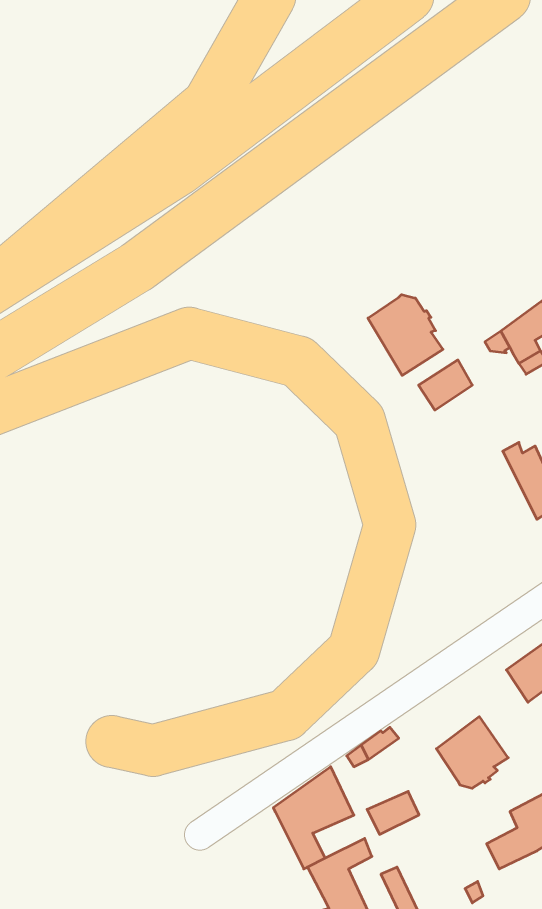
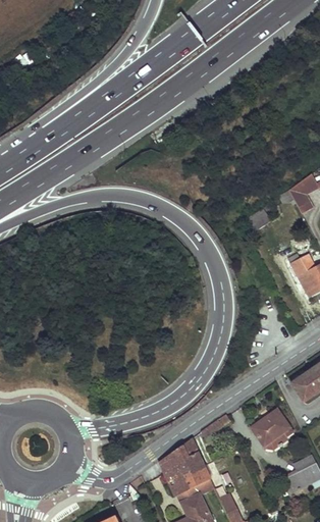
building: [368,295,443,375] -> none
building: [367,791,419,834] -> [180,465,210,489]

